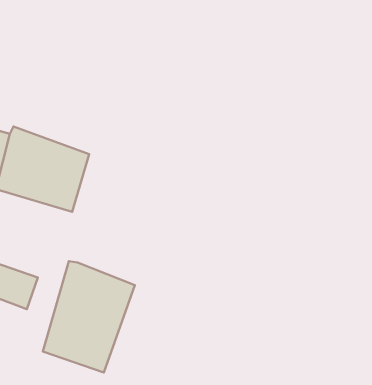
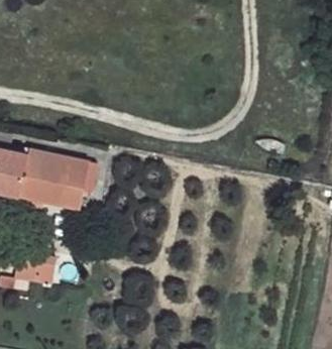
building: [43,261,135,373] -> none

